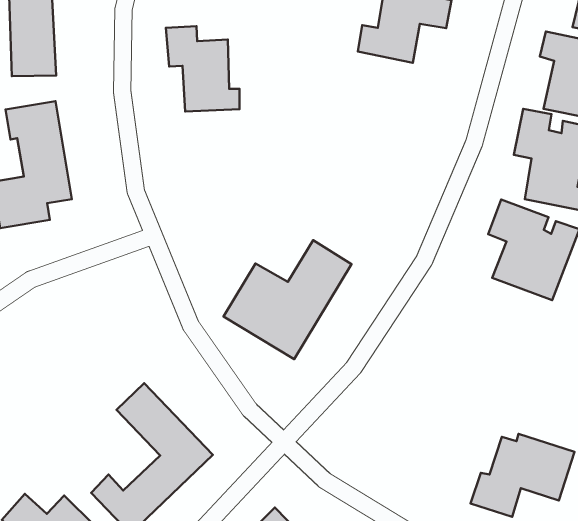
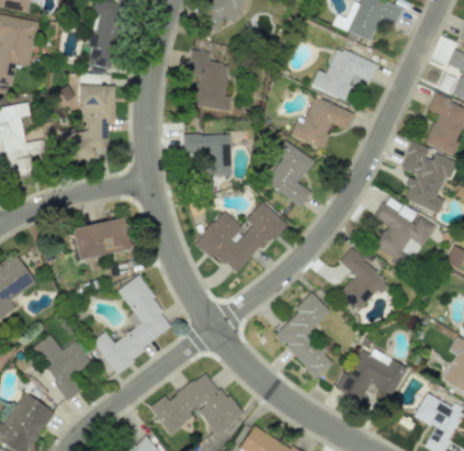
building: none -> [290,95,354,147]
building: none -> [183,133,231,177]
building: none -> [262,143,314,206]
building: none -> [339,248,387,312]
building: none -> [71,217,129,259]
building: none -> [272,293,332,377]

